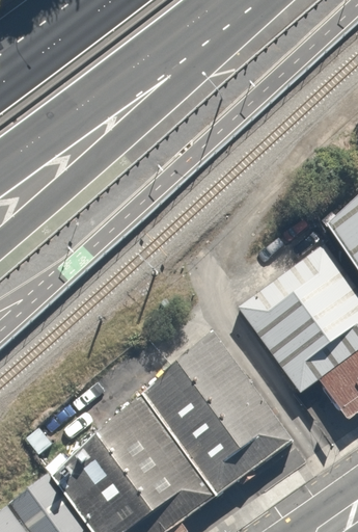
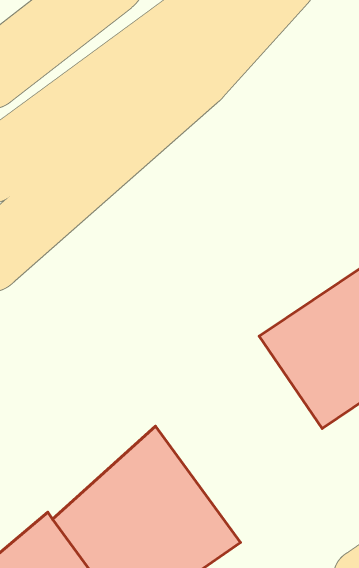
building: [143,330,296,500] -> none

